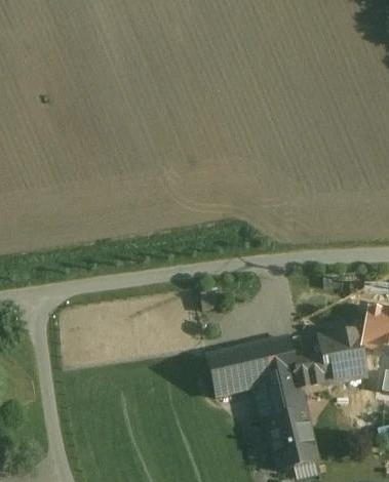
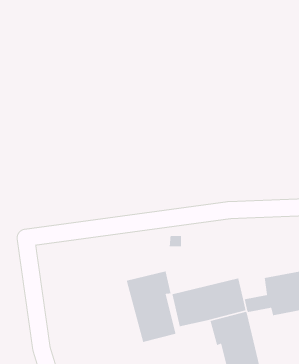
building: none -> [126,271,177,343]

